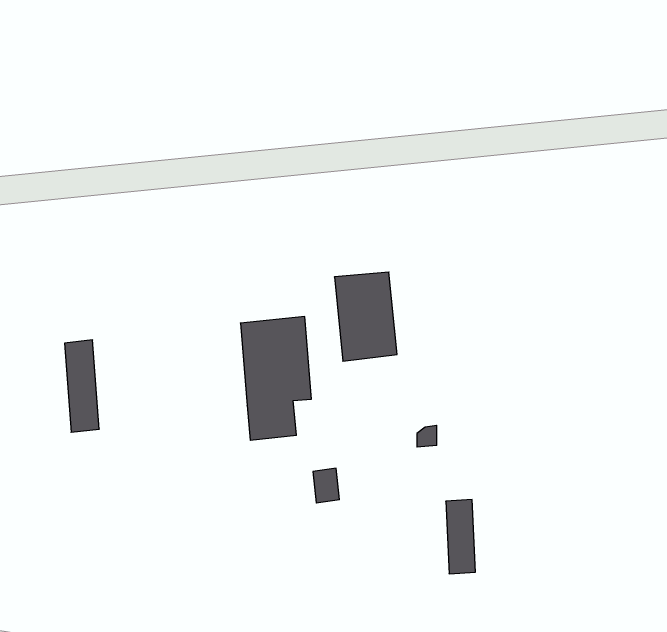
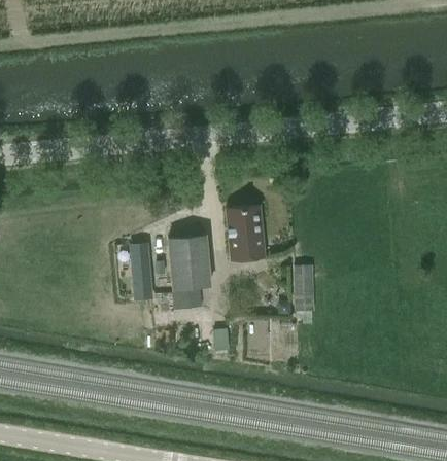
building: [65,340,99,432] -> [131,244,152,302]
building: [446,500,475,574] -> [294,264,312,311]

